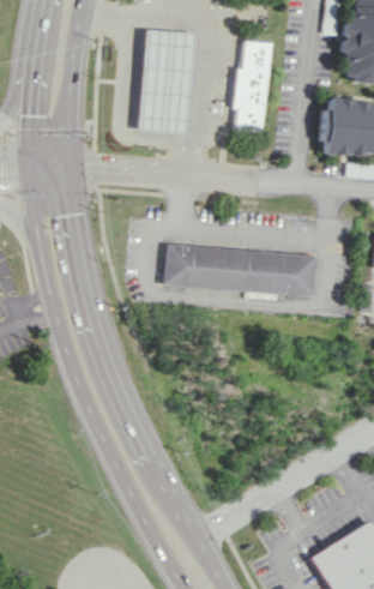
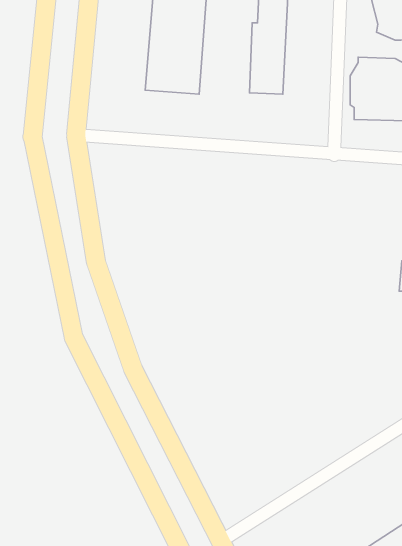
building: [165,244,319,296] -> none

